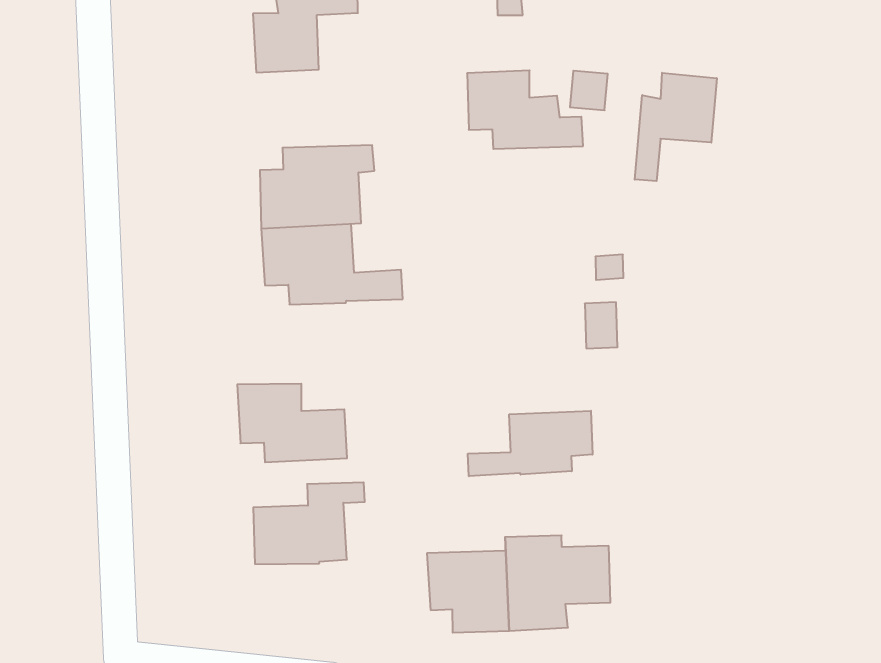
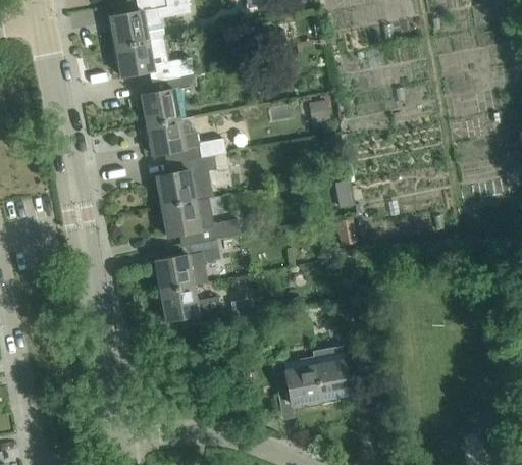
building: [467,70,583,149] -> [147,119,213,163]
building: [635,73,717,181] -> none
building: [468,411,592,476] -> none
building: [253,482,365,564] -> [155,240,213,291]

